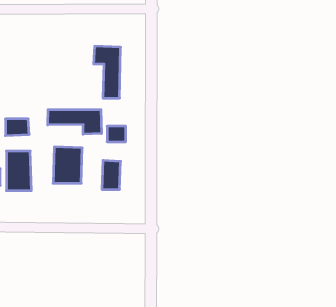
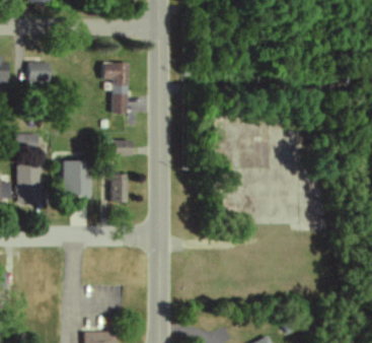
building: none -> [27,61,50,82]
building: [48,110,101,134] -> none

